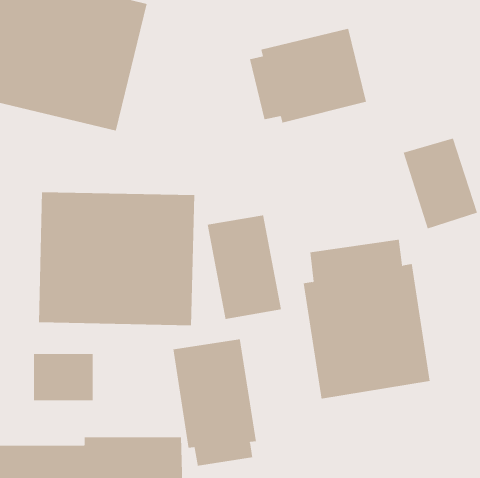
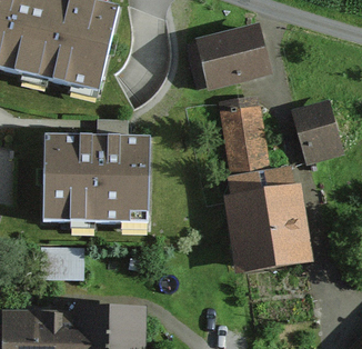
building: [207,215,282,319] -> [218,94,269,166]
building: [173,338,256,467] -> none

